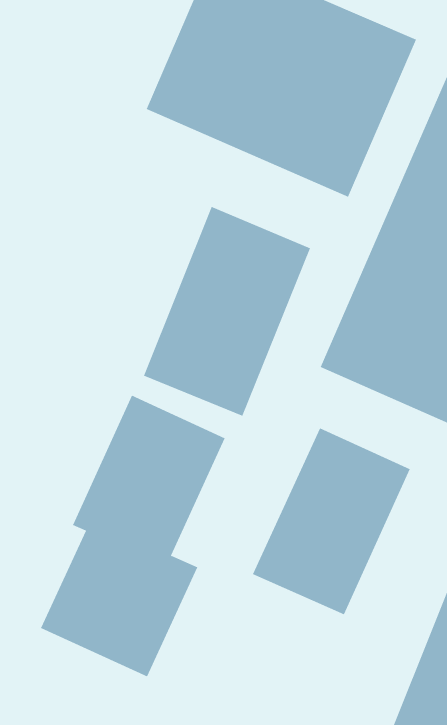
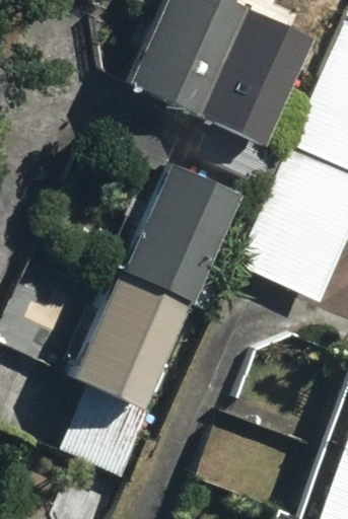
building: [252,428,411,615] -> none

